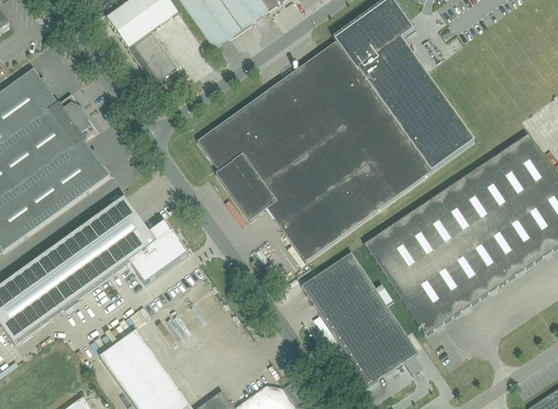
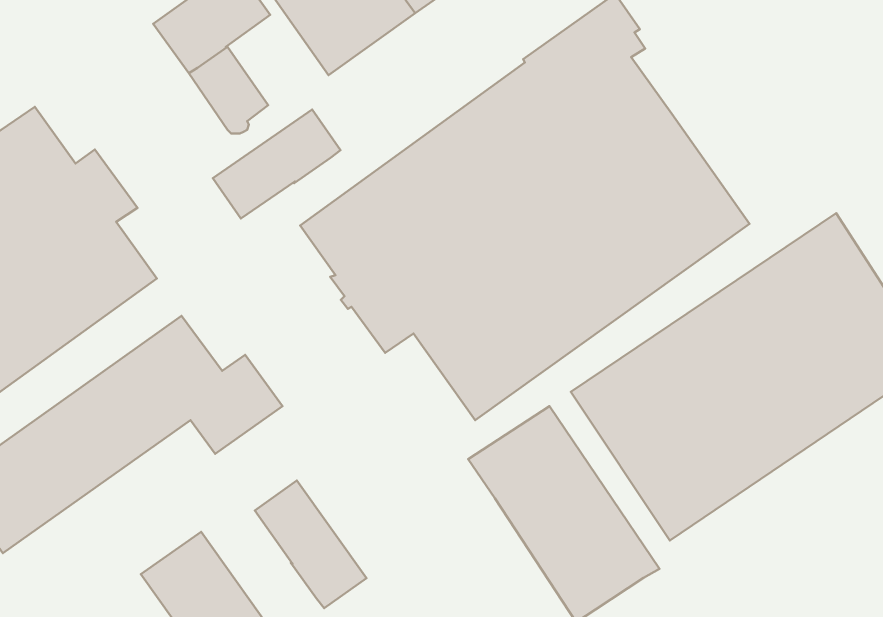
building: none -> [213,110,340,219]
building: none -> [255,480,366,608]

